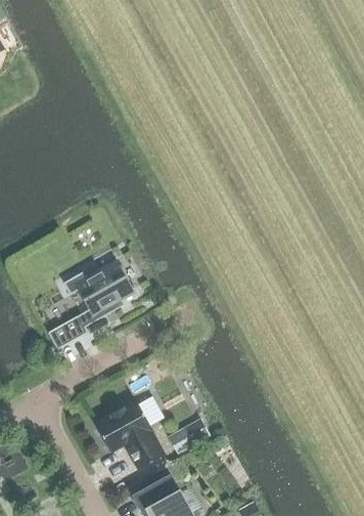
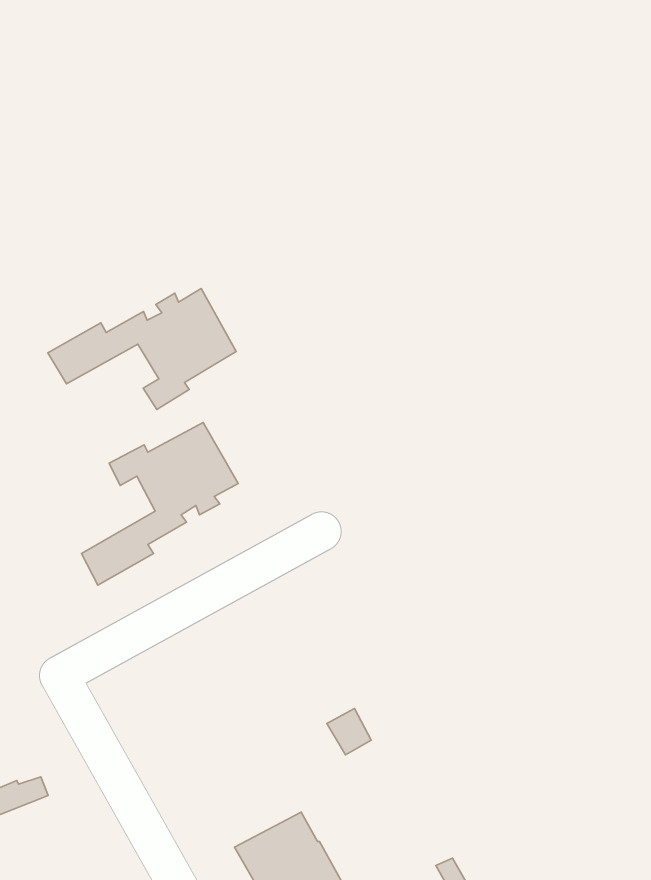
building: none -> [48,289,236,409]
building: [95,399,165,468] -> none

